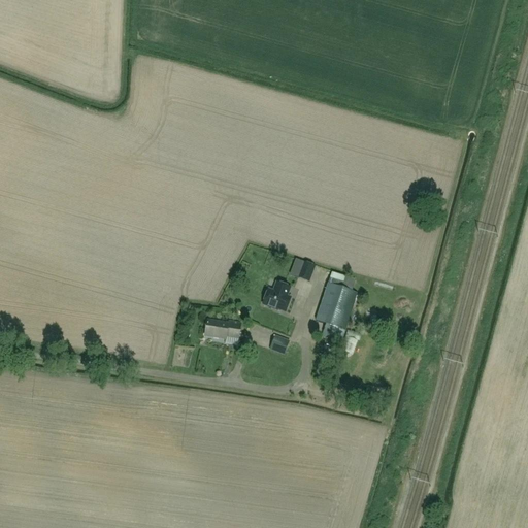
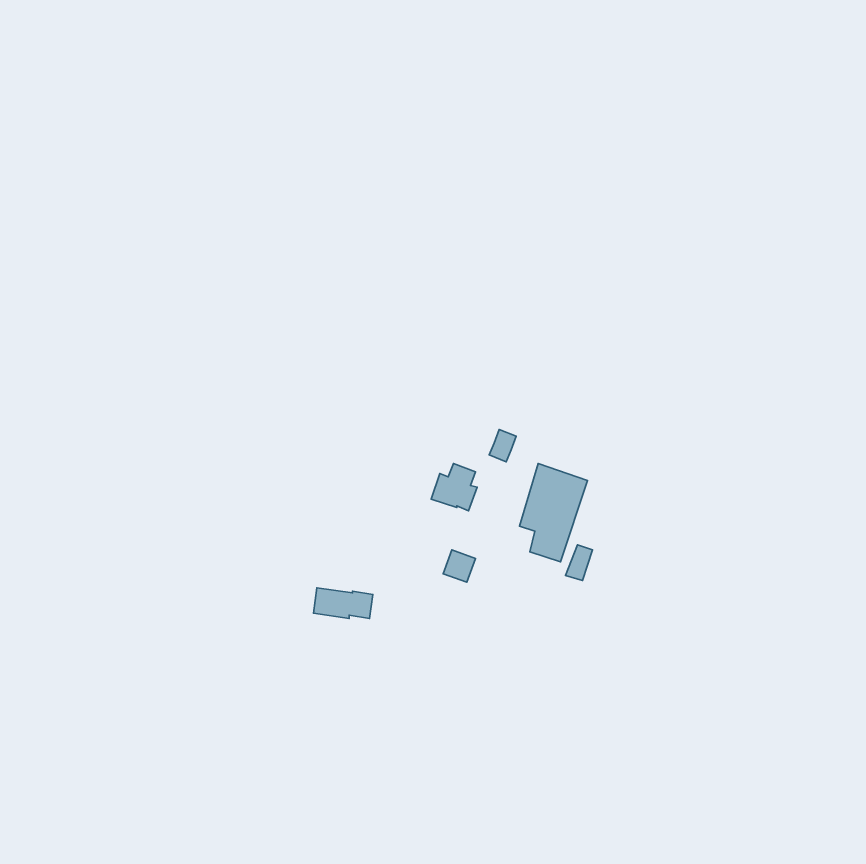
building: [204,319,240,337] -> [314,588,373,618]

